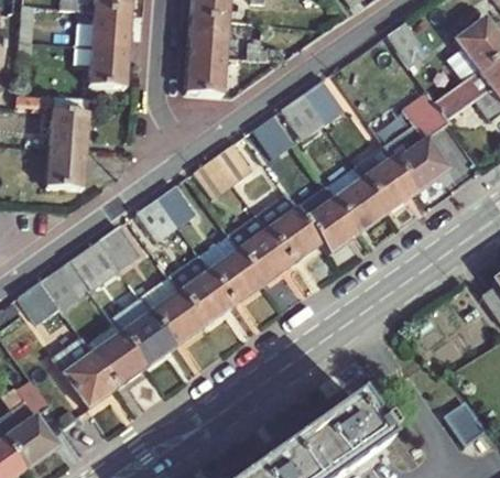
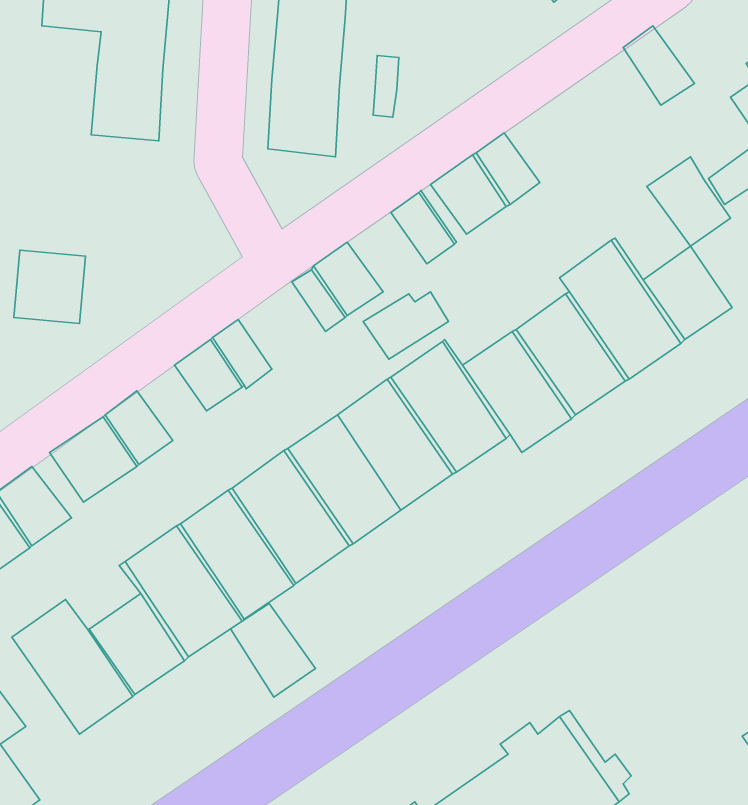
building: [51,105,90,146] -> none
building: none -> [231,603,316,697]

